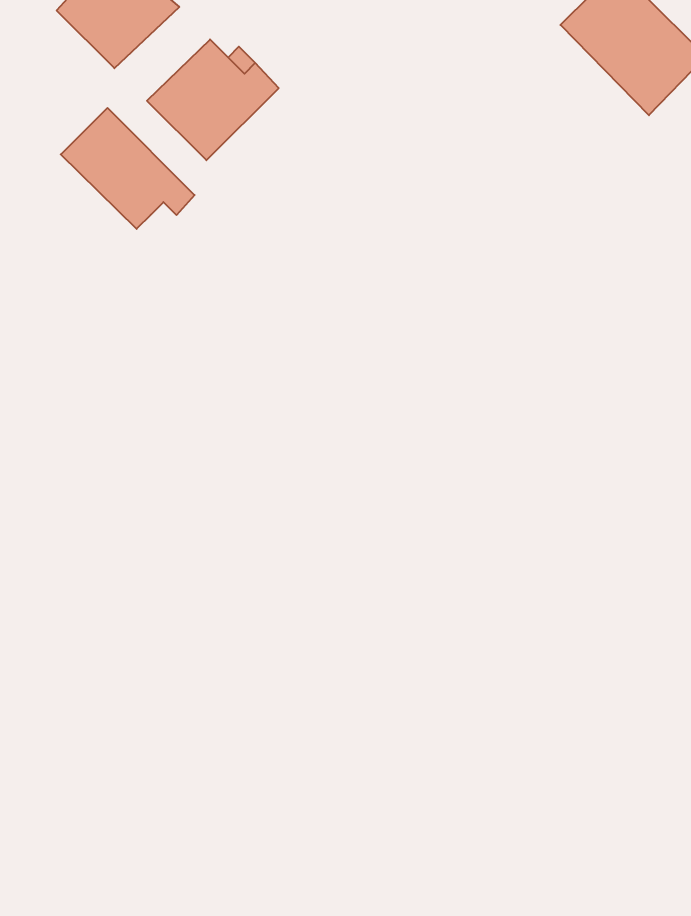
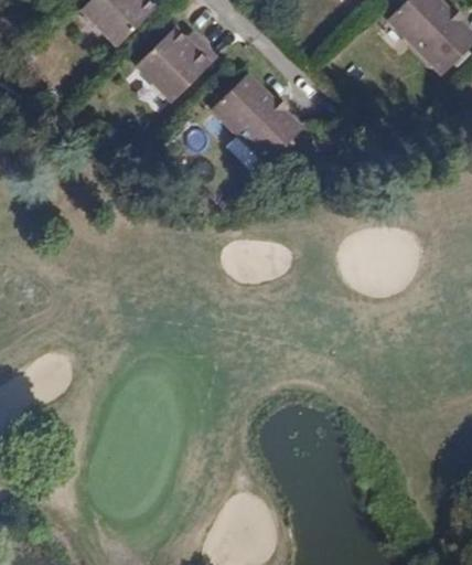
building: [61,108,195,229] -> none
building: none -> [213,73,302,164]

